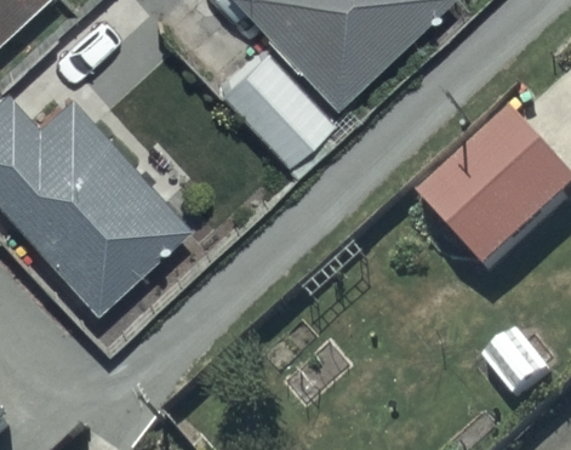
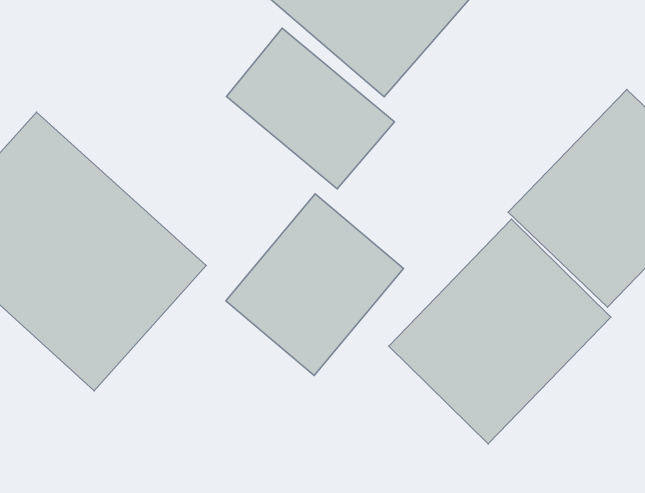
building: none -> [226,194,404,375]
building: none -> [389,219,611,444]

